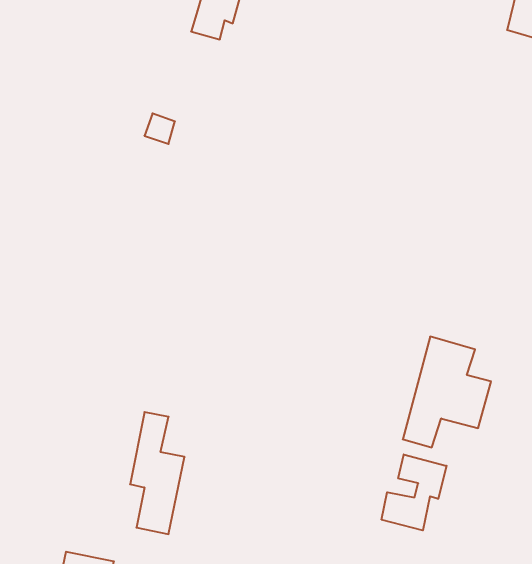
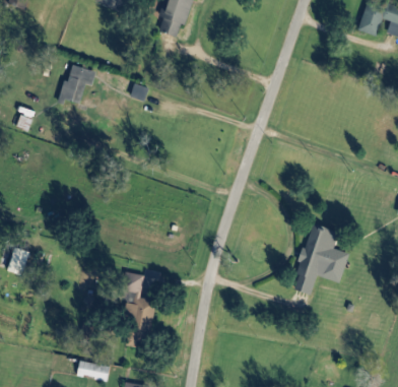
building: none -> [59,64,95,105]
building: [382,454,447,530] -> none

